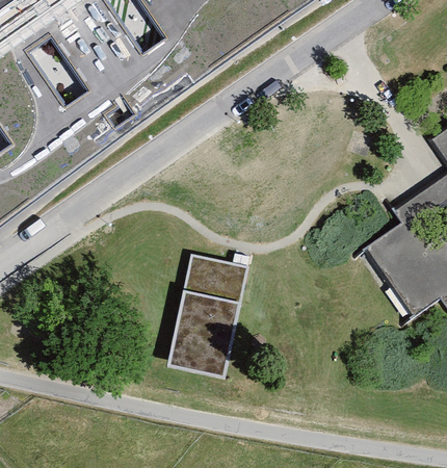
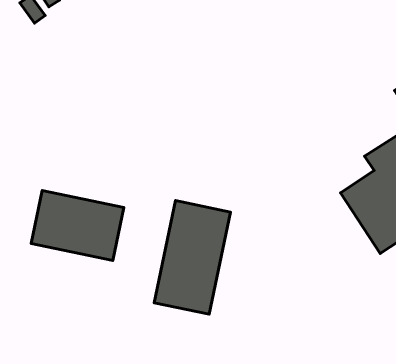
building: none -> [31,191,124,260]

